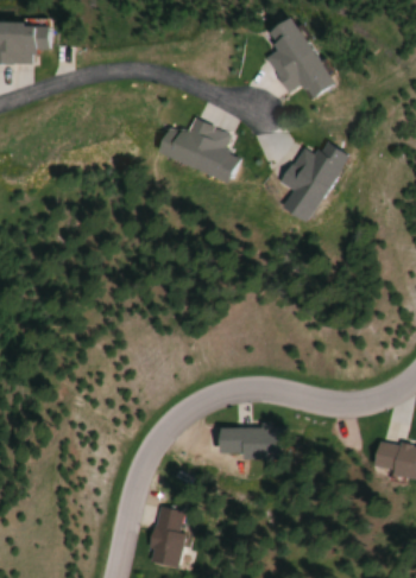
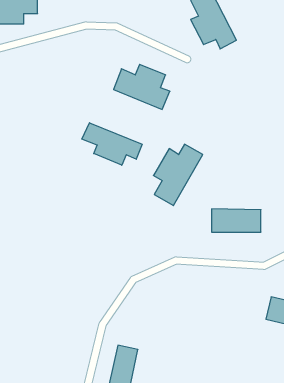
building: [275,139,342,223] -> [153,144,203,206]
building: none -> [82,123,142,165]
building: [222,425,290,457] -> [212,209,261,232]

